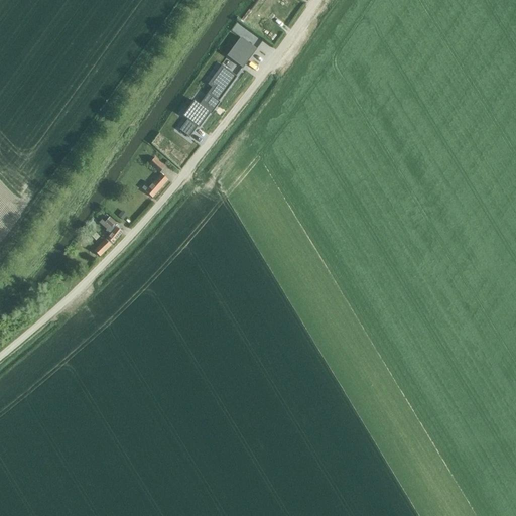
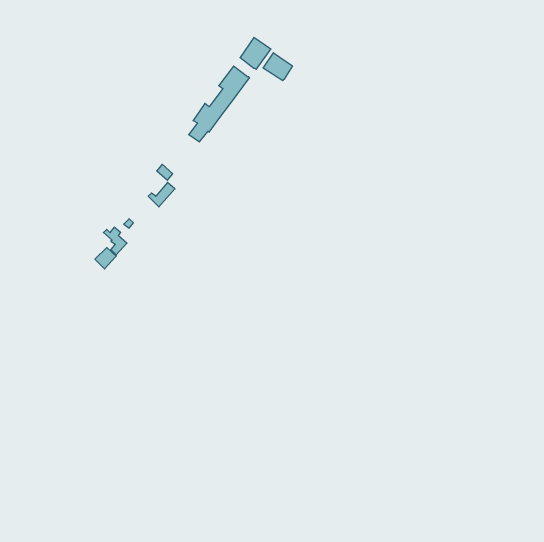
building: none -> [263,53,292,81]

